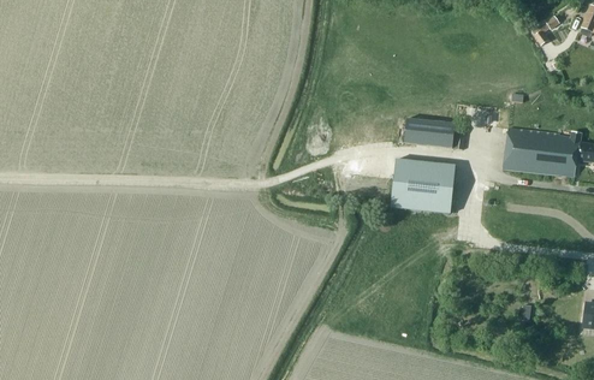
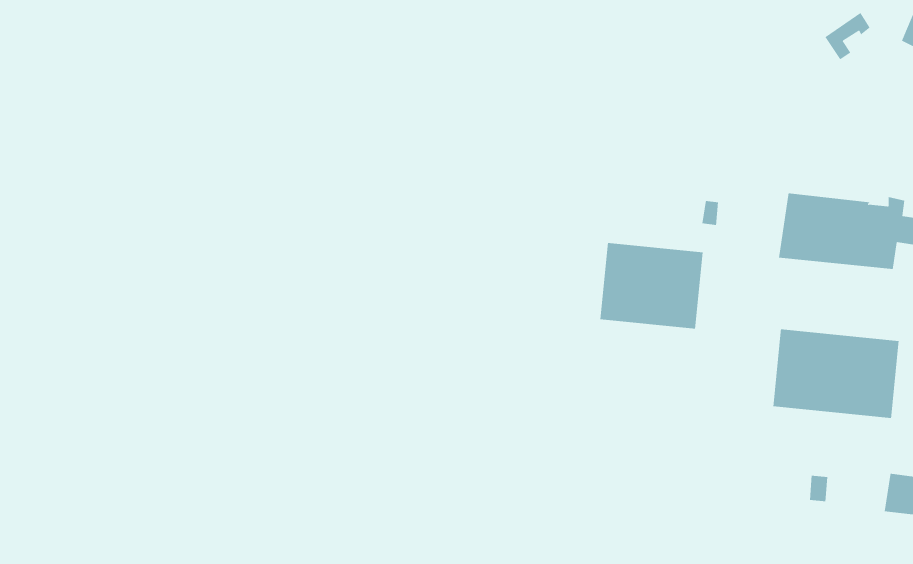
building: [404,117,456,147] -> none
building: none -> [773,328,899,419]

